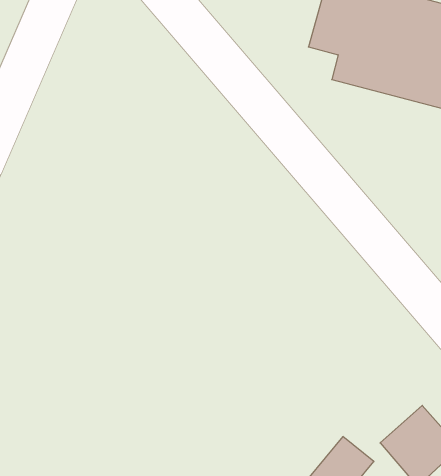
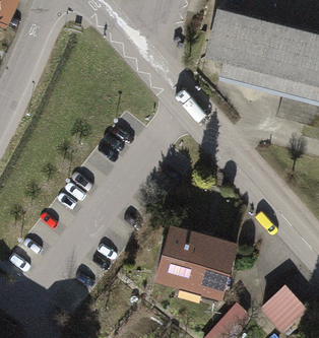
building: none -> [150,227,240,301]

